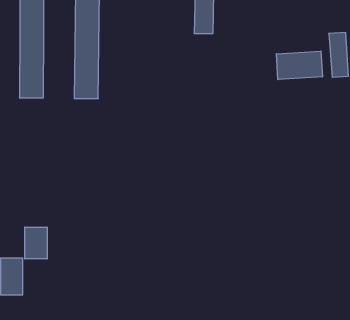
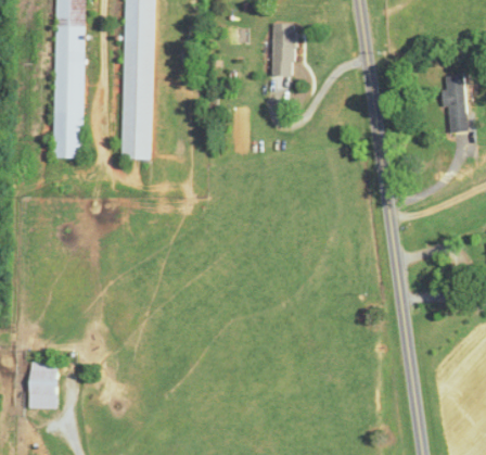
building: [276,51,322,80] -> none
building: [25,227,47,259] -> none

